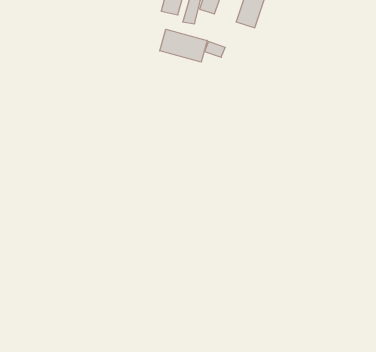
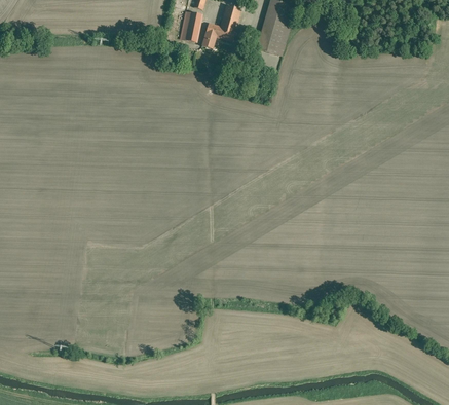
building: [160,29,207,62] -> none

